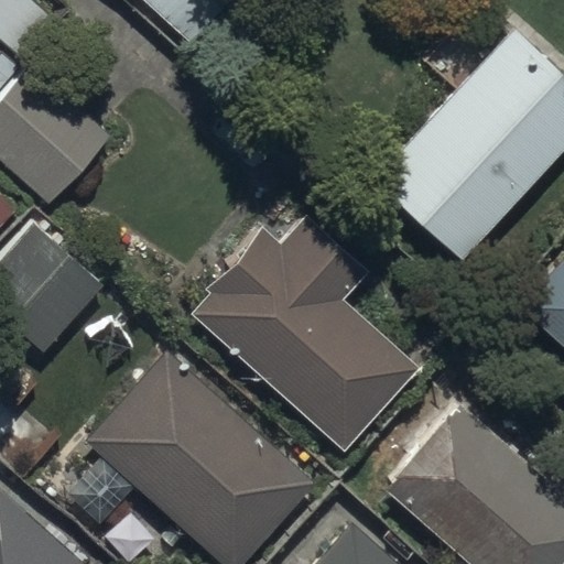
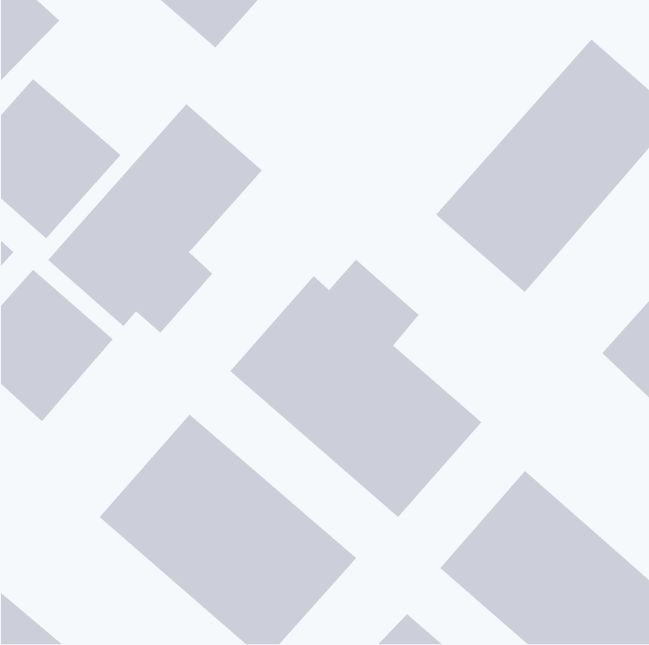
building: none -> [47,103,263,334]

